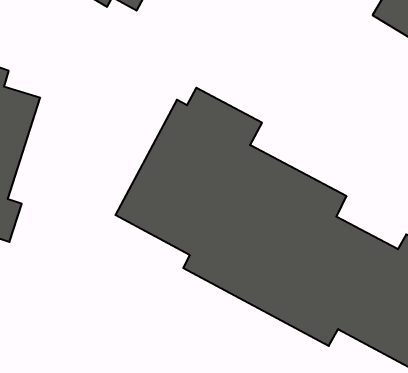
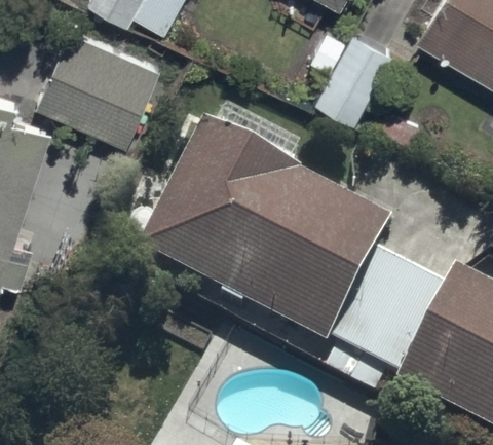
building: none -> [41,20,159,135]

